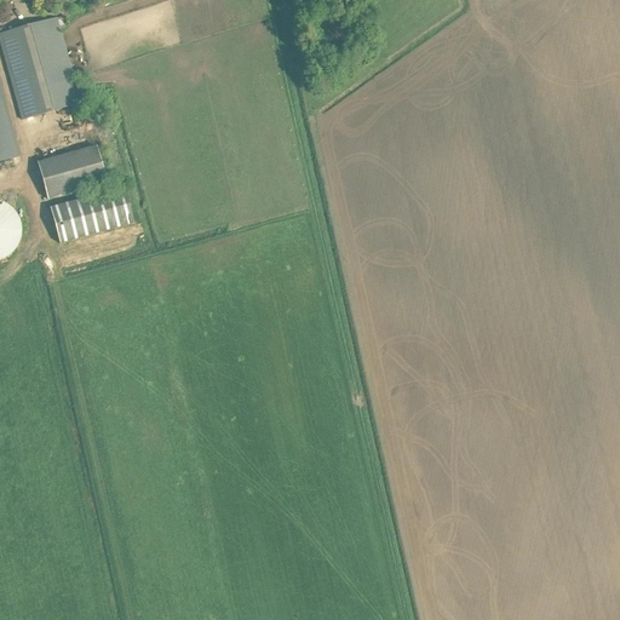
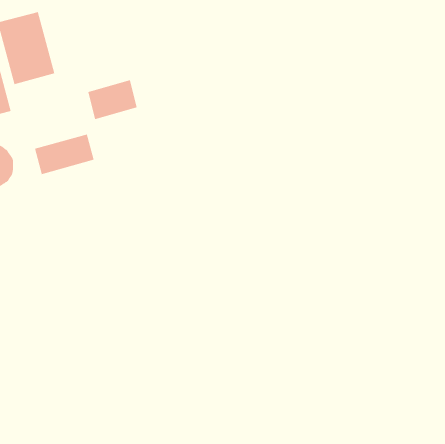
building: [35,144,104,200] -> [88,79,137,120]

